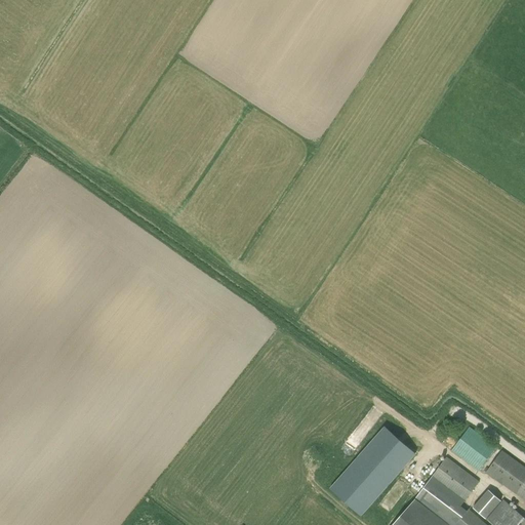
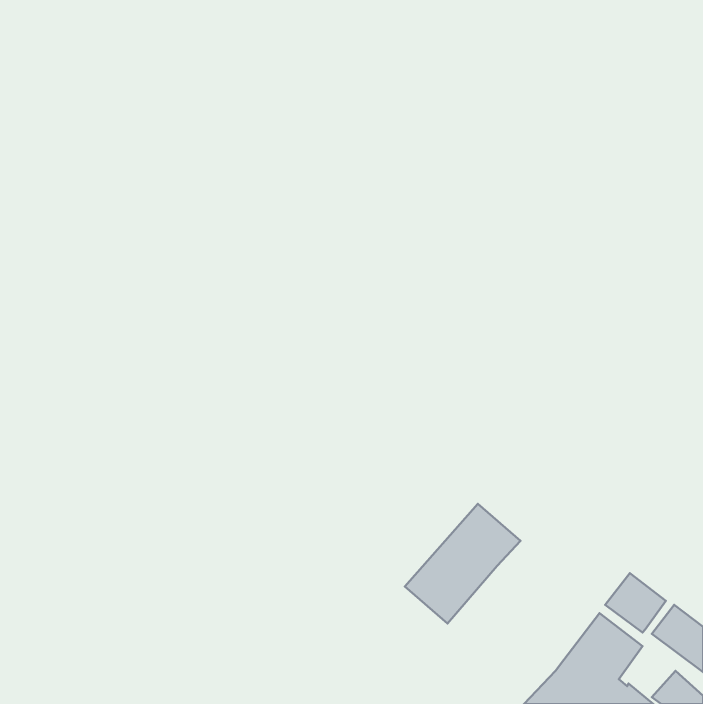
building: [329,427,415,516] -> [405,504,521,624]
building: [472,489,500,519] -> none

